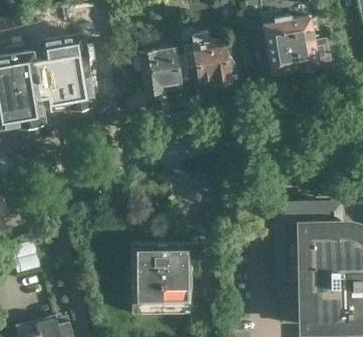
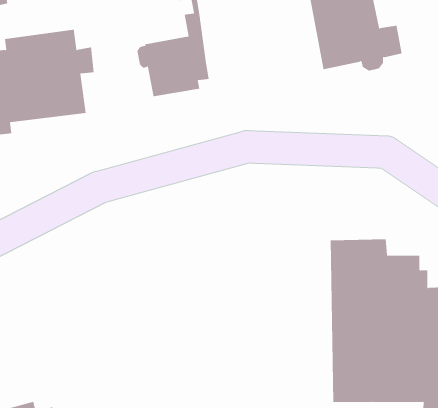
building: [180,29,237,84] -> none
building: [131,242,193,313] -> none

